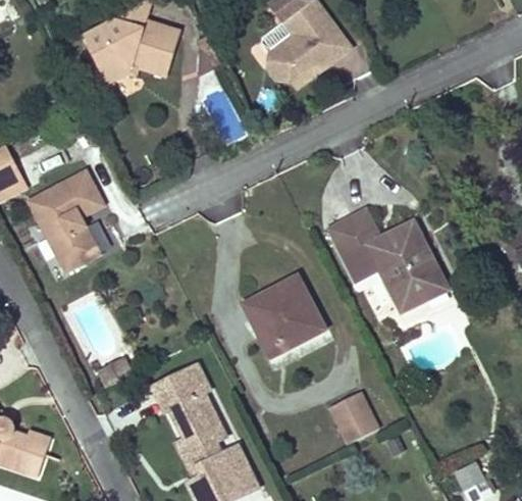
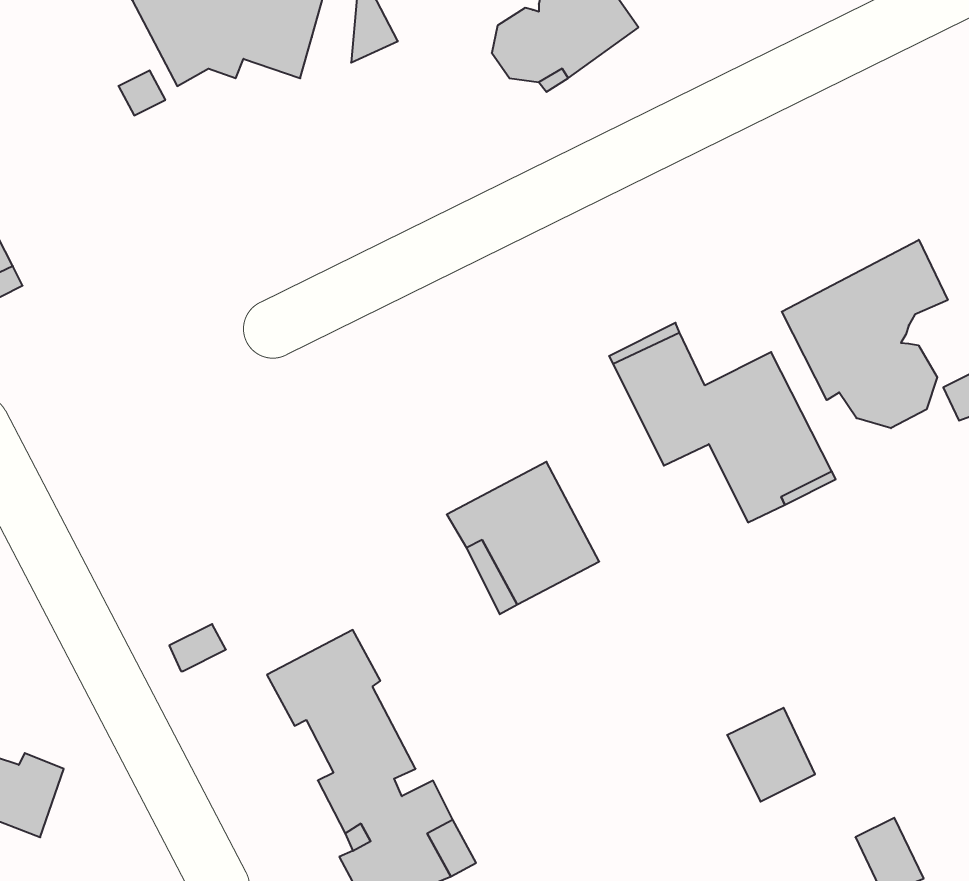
building: none -> [782,240,948,428]
building: [29,171,103,270] -> none
building: [331,390,377,439] -> [727,708,815,802]

